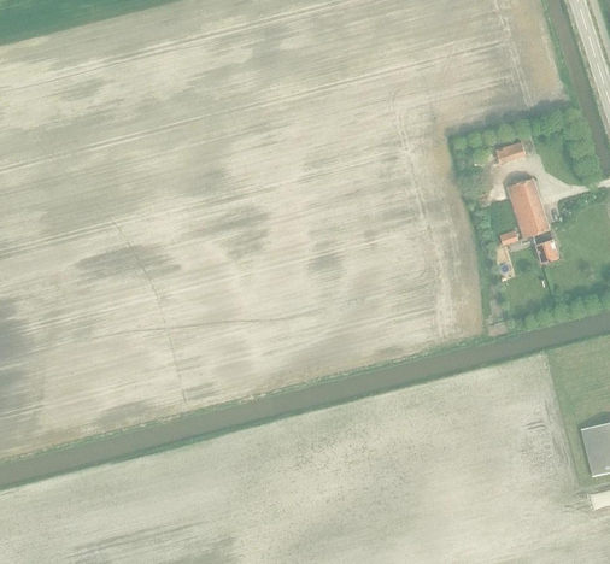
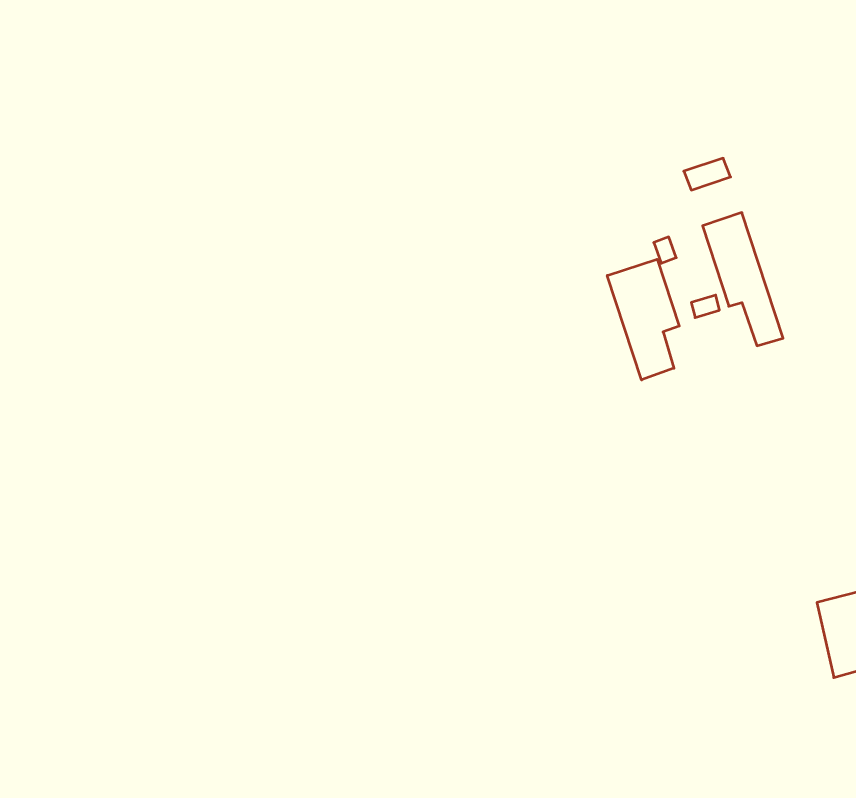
building: none -> [607,259,679,380]

